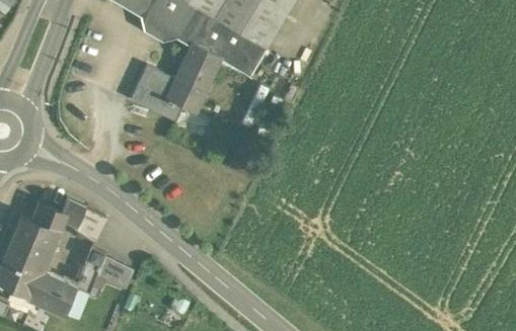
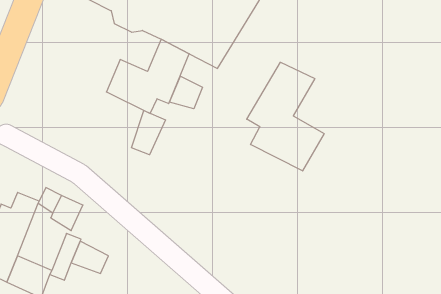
building: none -> [247,62,324,171]
building: none -> [169,76,202,109]
building: none -> [131,111,166,155]

